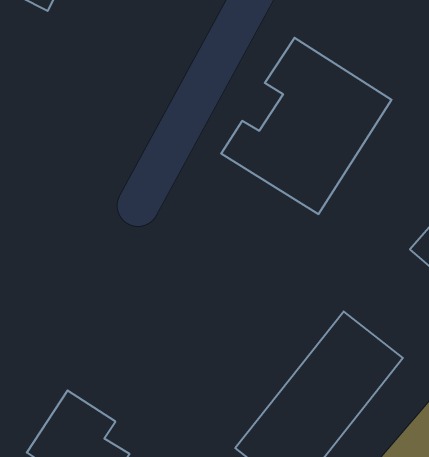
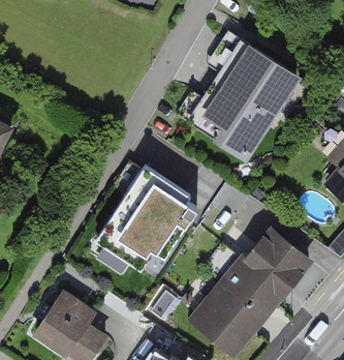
building: none -> [95,164,194,271]

